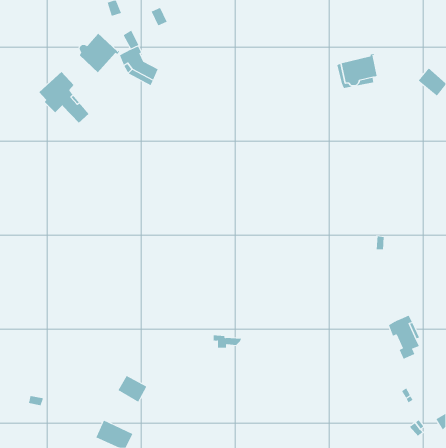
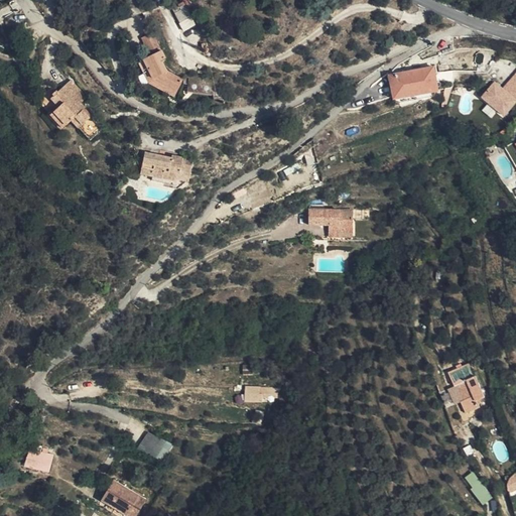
building: [79,33,121,73] -> none
building: none -> [145,156,197,181]
building: none -> [305,211,350,232]

